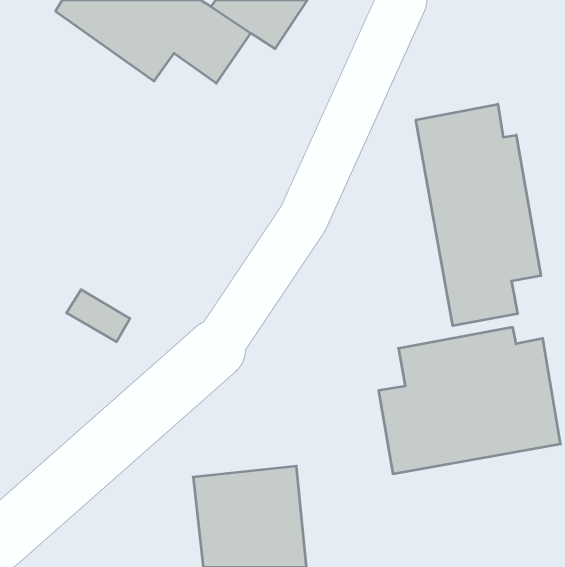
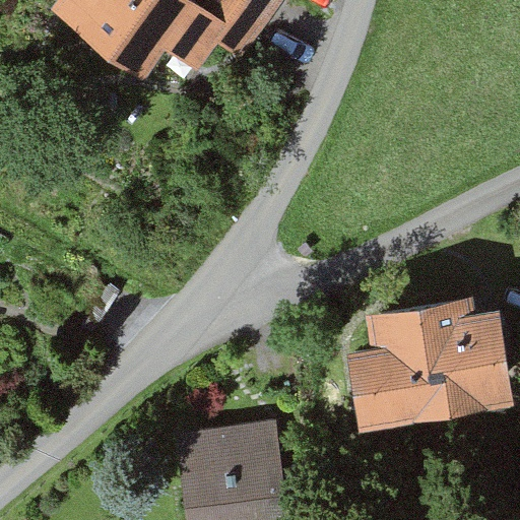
building: [416,104,541,326] -> none

